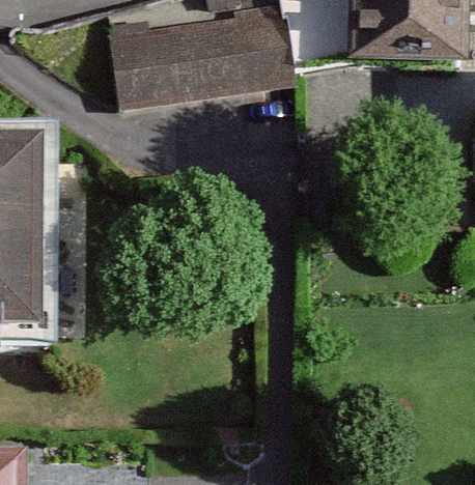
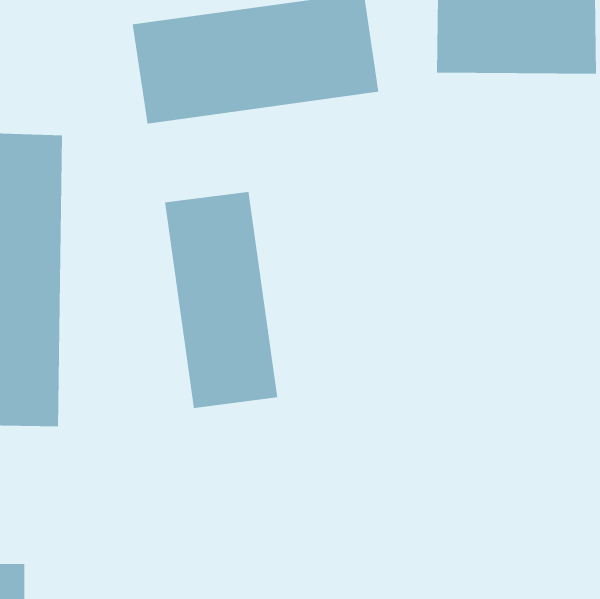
building: none -> [165,191,278,409]

